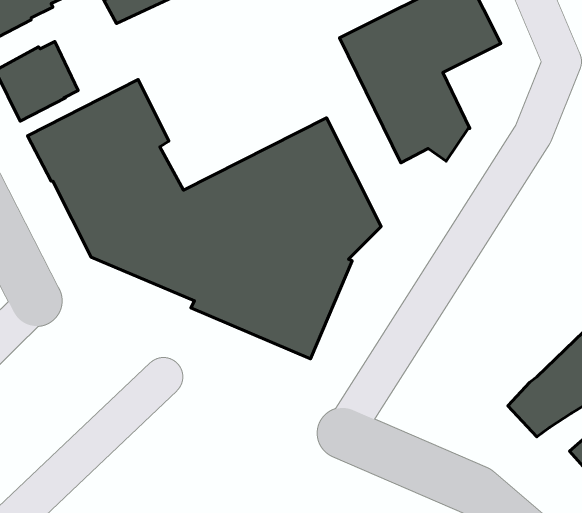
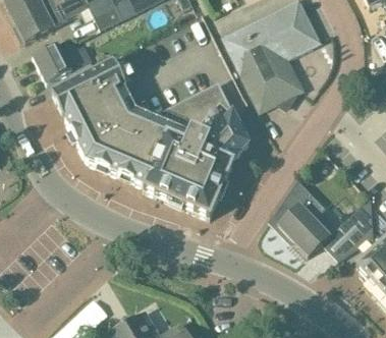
building: none -> [271,179,333,256]

